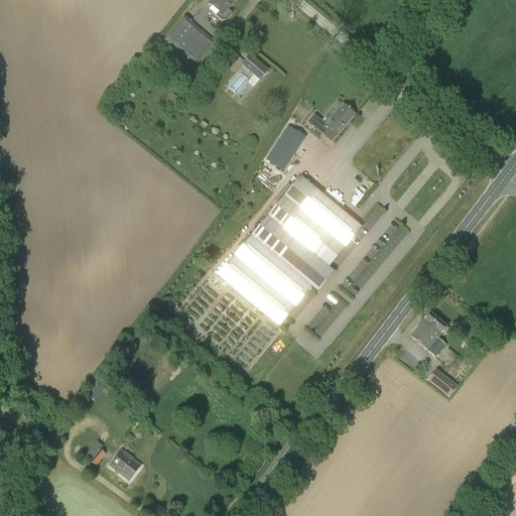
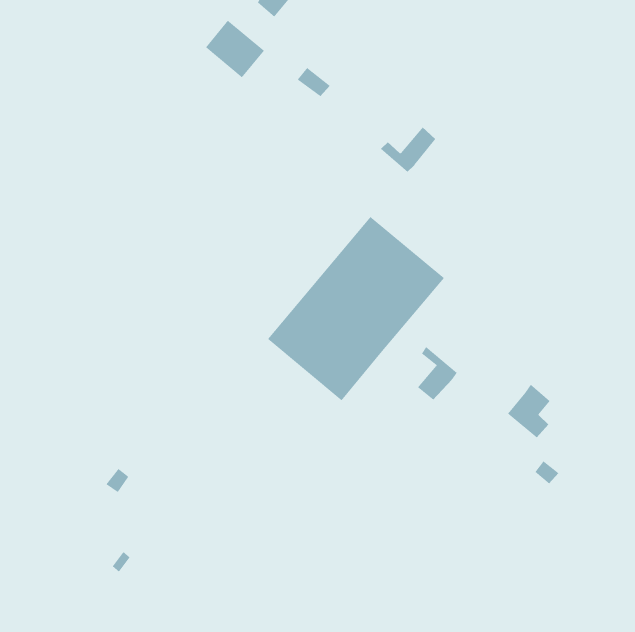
building: [261,128,295,170] -> none
building: none -> [417,346,457,401]
building: [111,449,141,479] -> none

